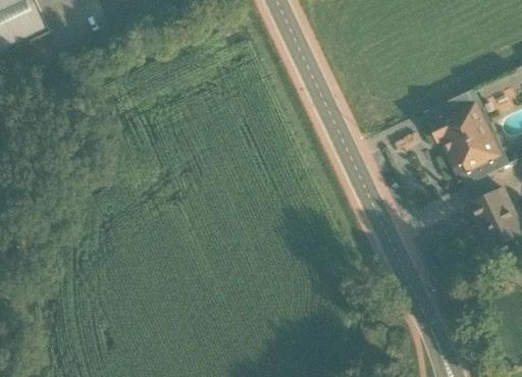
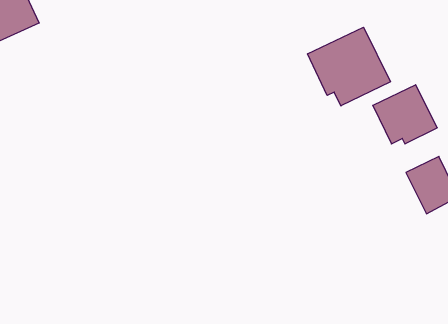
building: none -> [308,27,391,106]

